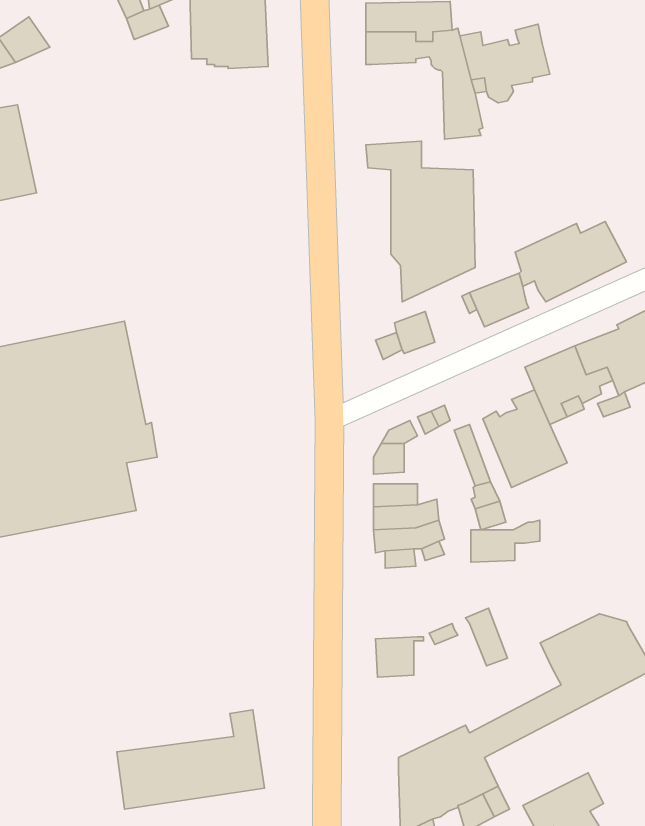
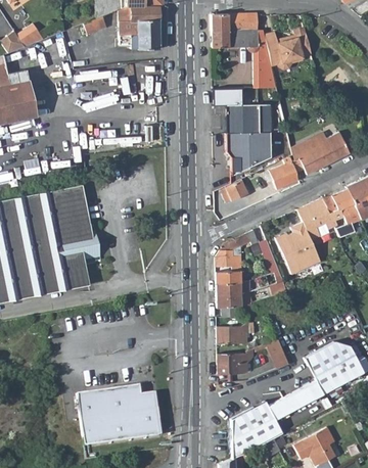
building: [471,520,540,562] -> [218,321,255,343]
building: none -> [77,386,142,414]

